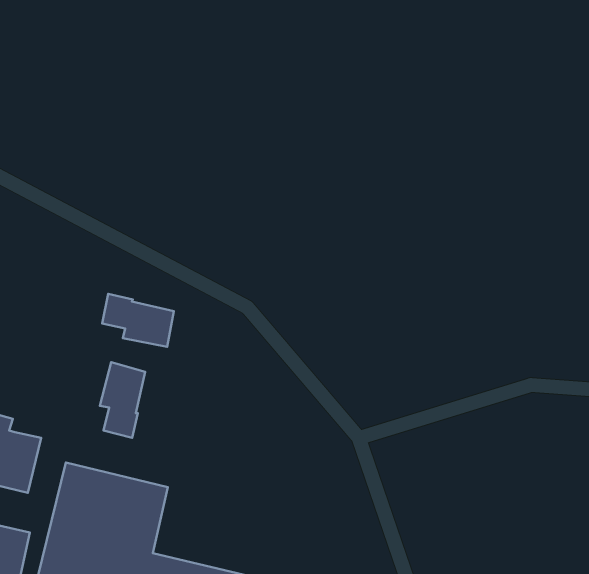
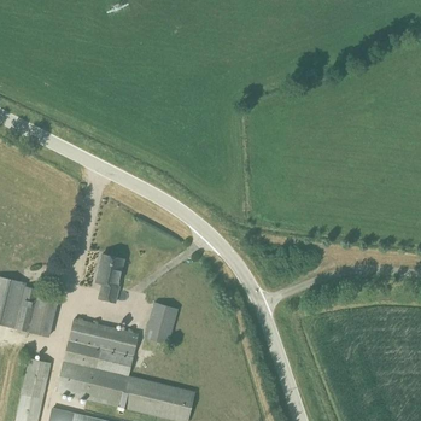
building: [102,294,174,347] -> none
building: none -> [144,302,179,344]

